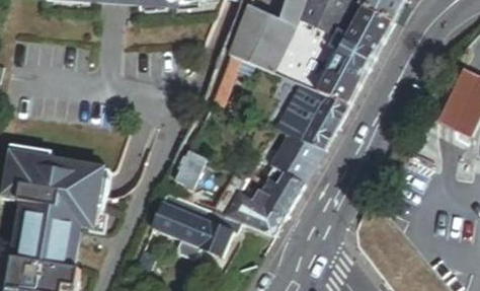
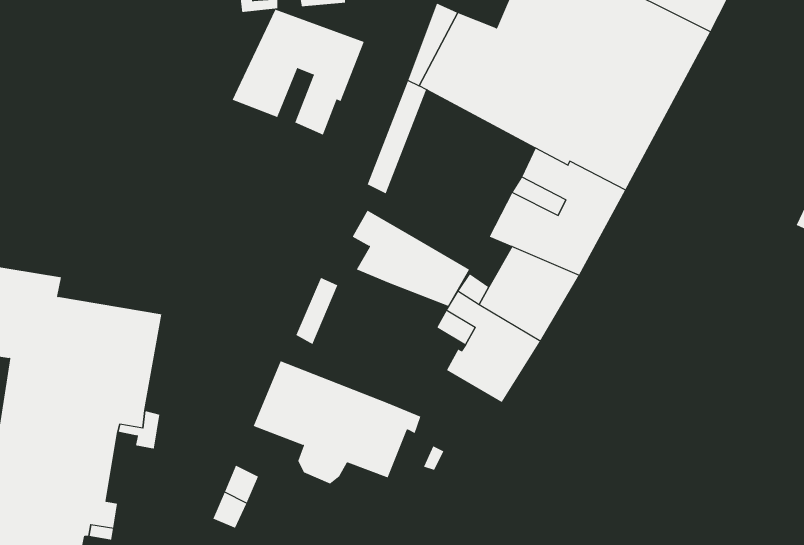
building: none -> [232,9,364,136]
building: [221,185,283,235] -> [352,210,470,306]

